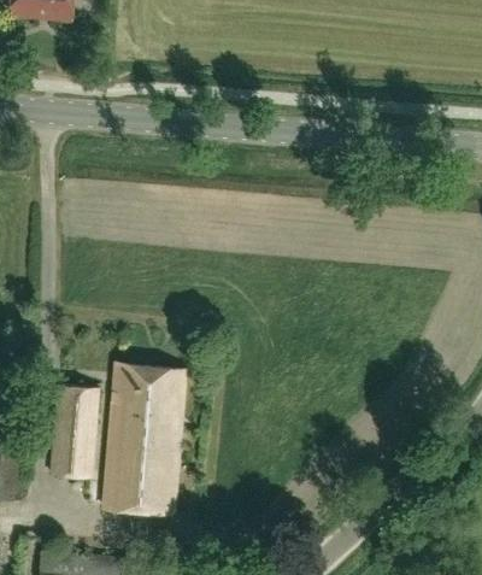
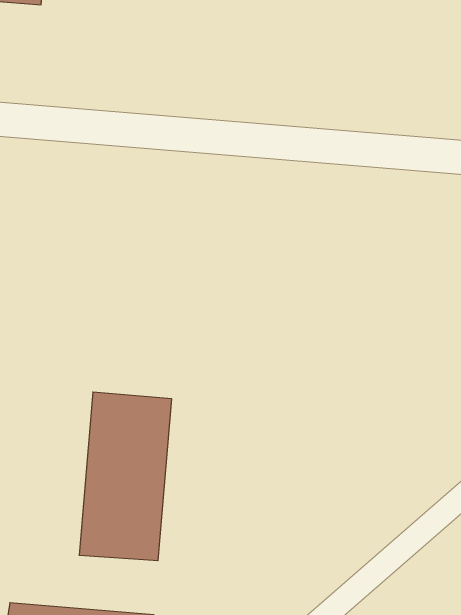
building: [48,387,98,479] -> none

